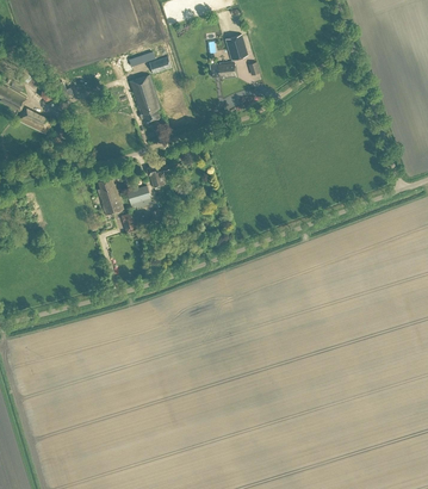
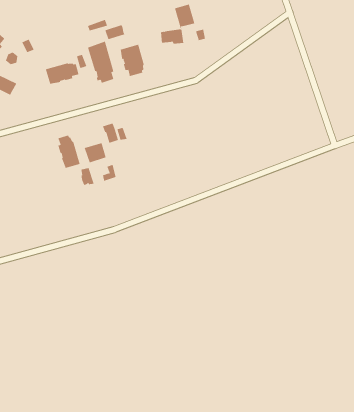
building: none -> [120,44,145,77]
building: none -> [45,62,79,84]

